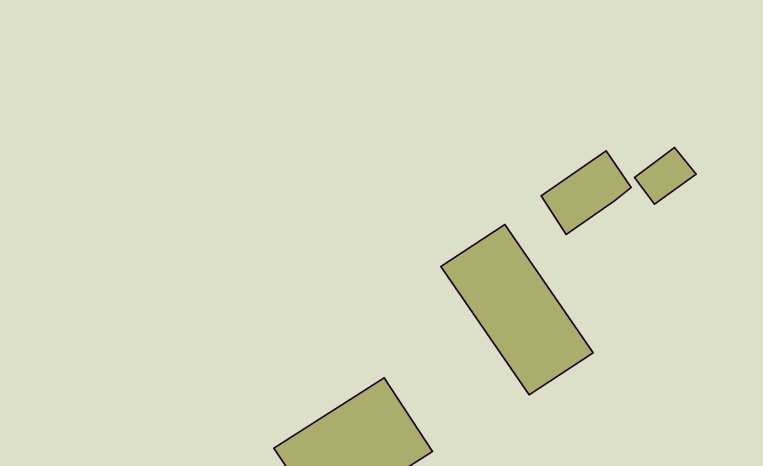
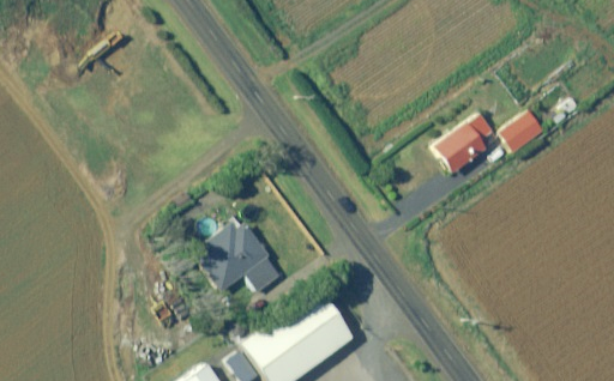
building: [441,225,593,395] -> none
building: none -> [193,225,283,302]

